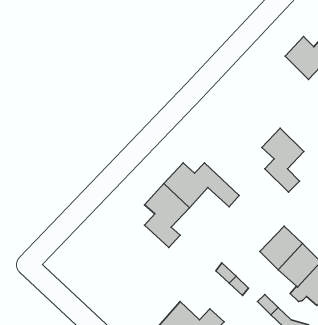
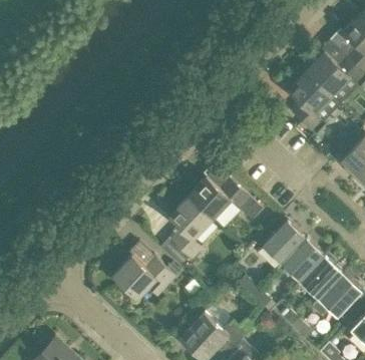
building: [262,128,304,192] -> [288,71,329,134]
building: none -> [261,220,305,264]
building: none -> [111,255,180,299]

